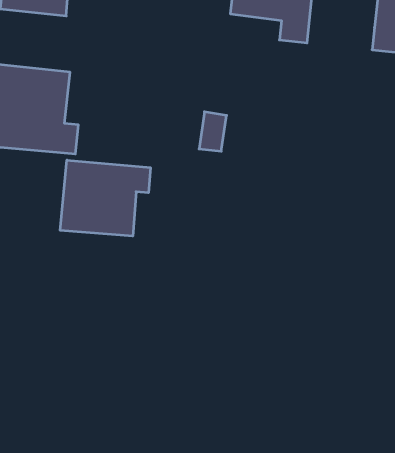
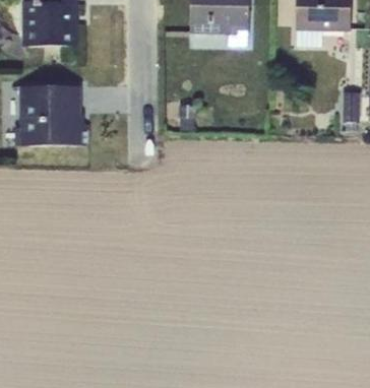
building: [60,160,150,236] -> none

